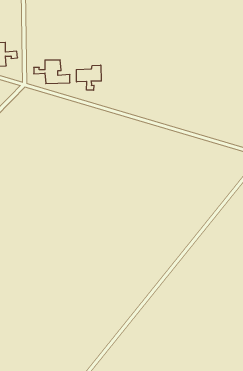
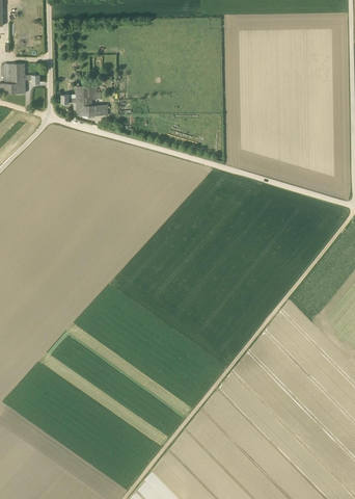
building: [76,65,101,90] -> none

